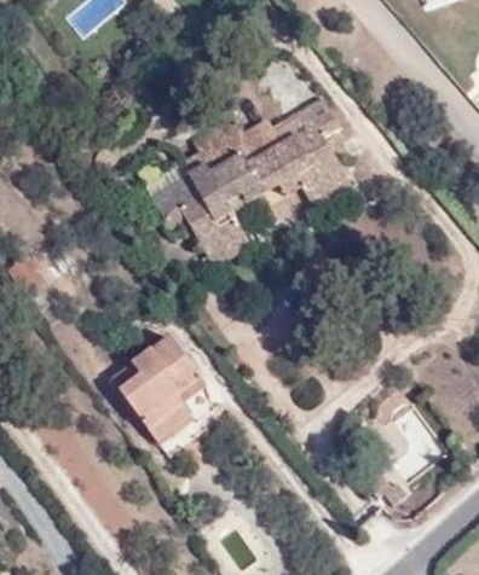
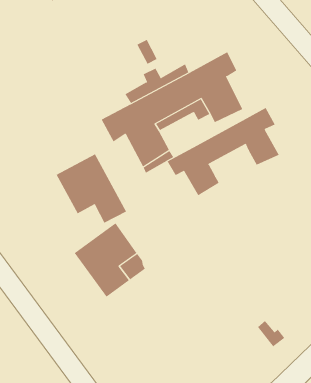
building: none -> [167,107,280,196]
building: none -> [56,153,127,224]

